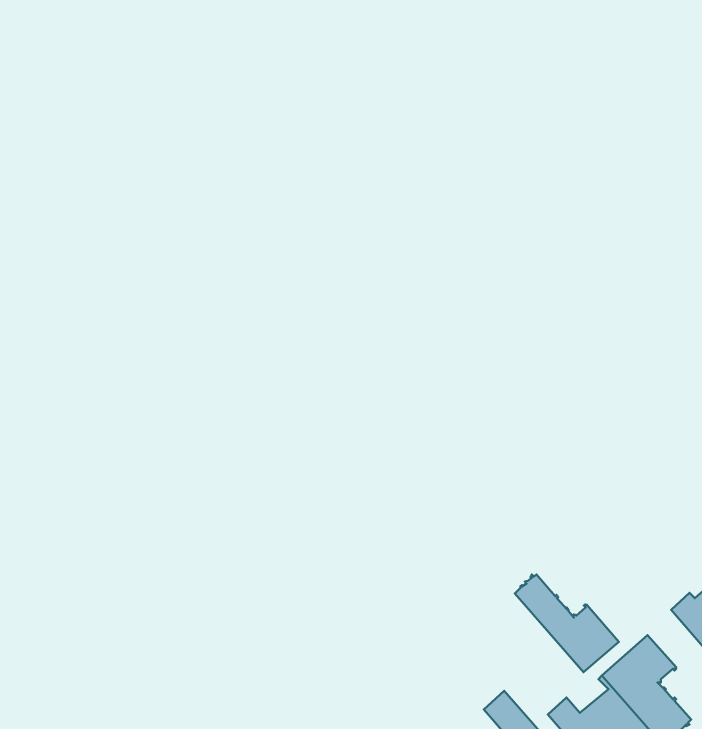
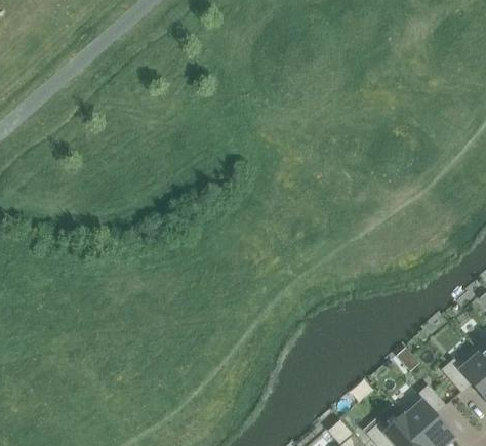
building: [515,574,619,672] -> none

